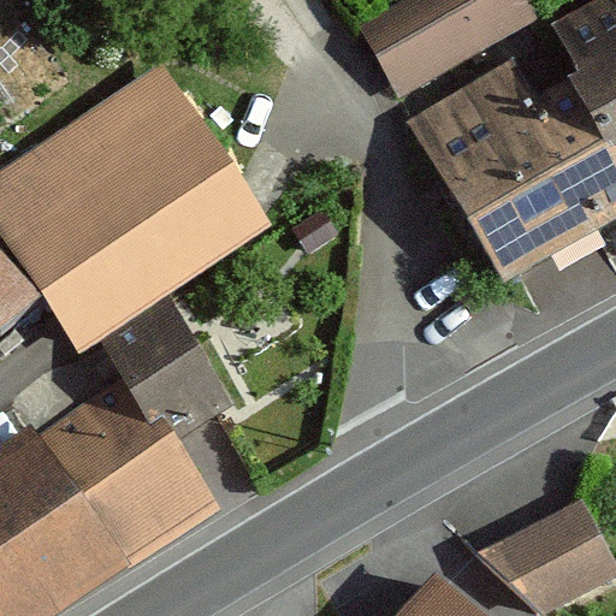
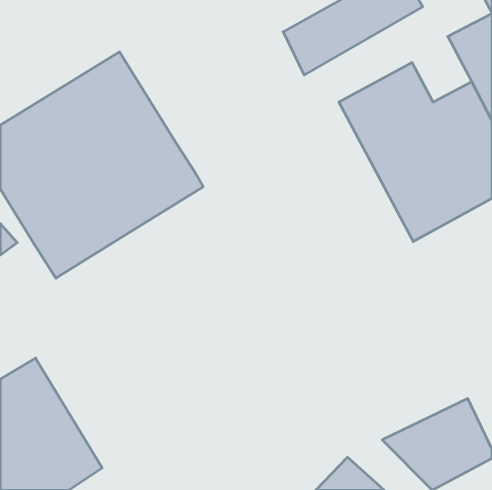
building: [45,320,251,585] -> none

